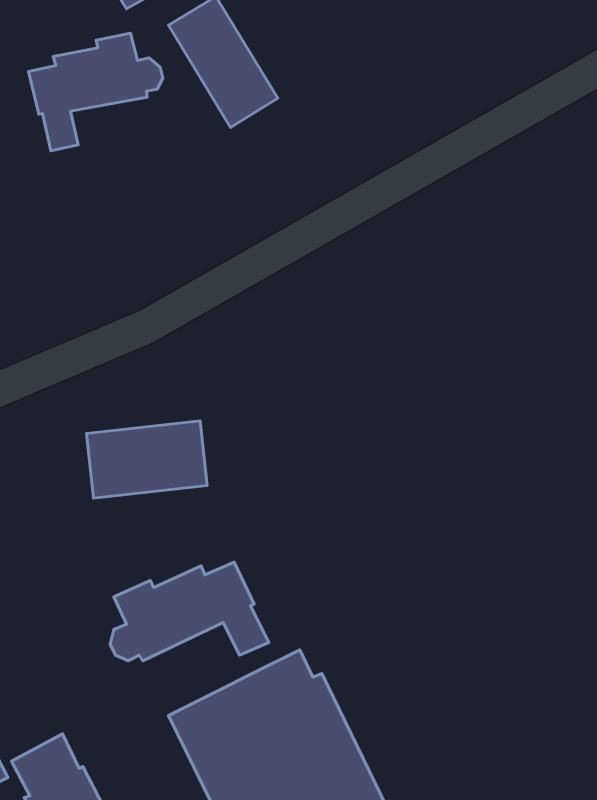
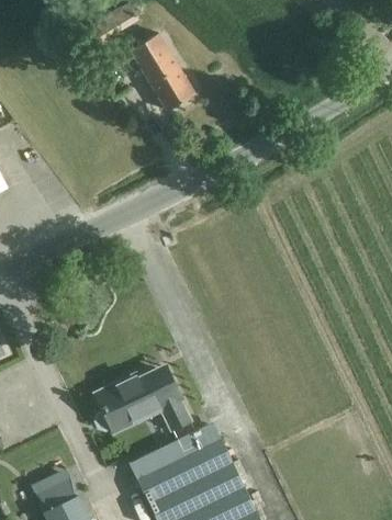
building: [29,33,163,151] -> none
building: [87,421,207,498] -> none

